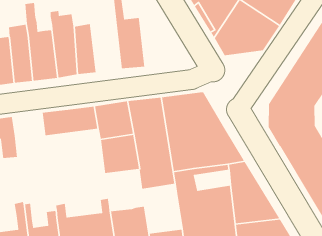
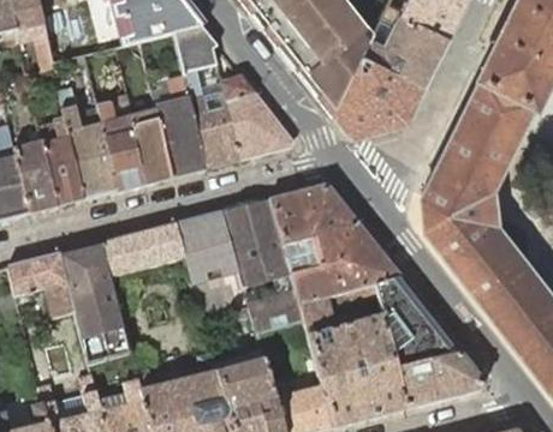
building: none -> [151,78,208,178]
building: none -> [222,76,293,161]
building: none -> [61,242,131,362]

